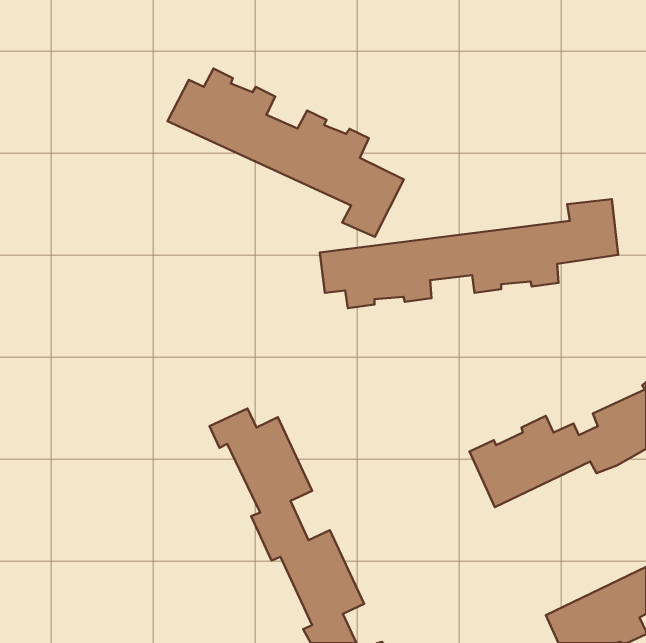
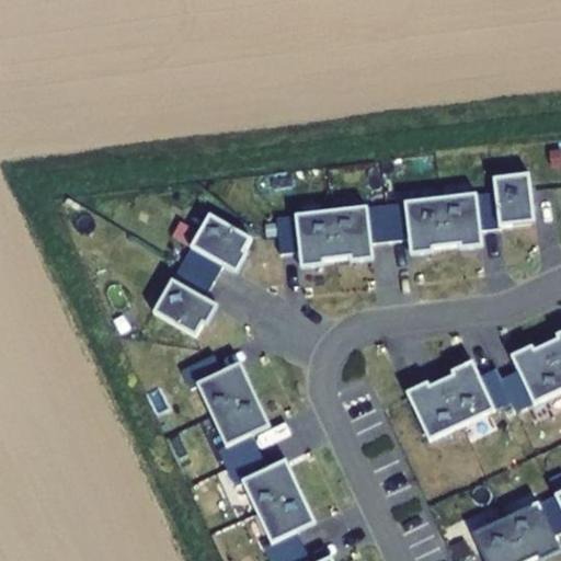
building: [167,69,404,237] -> none
building: none -> [152,213,250,334]

